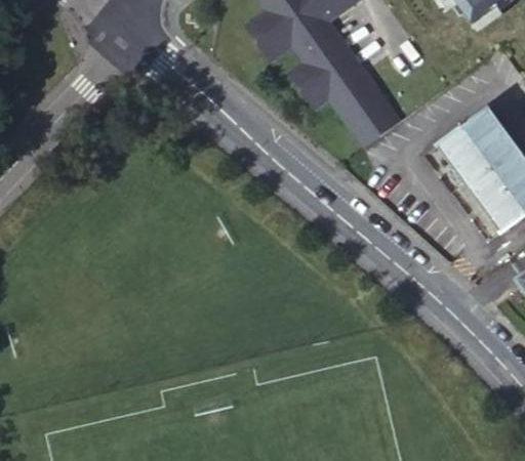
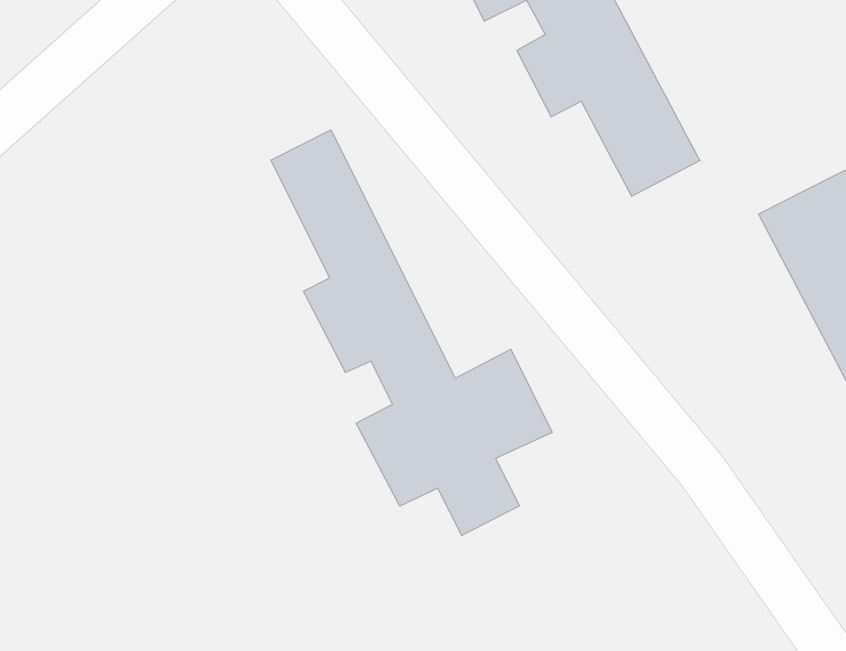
building: none -> [271,130,552,535]

